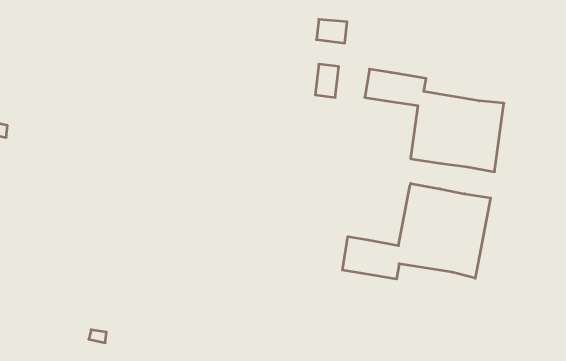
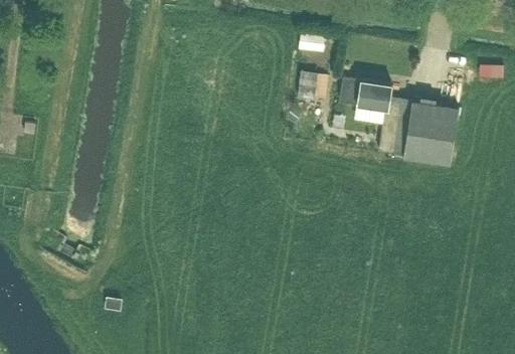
building: [342,183,491,279] -> none

